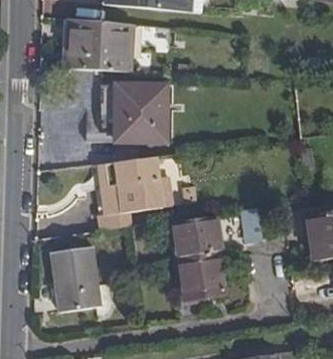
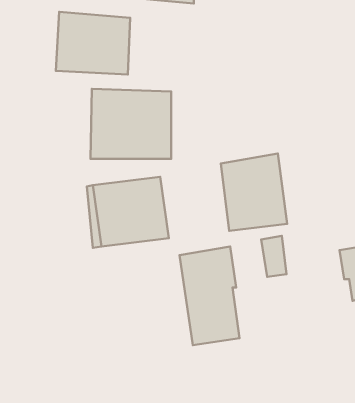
building: none -> [221,153,287,231]
building: [53,244,101,310] -> none

